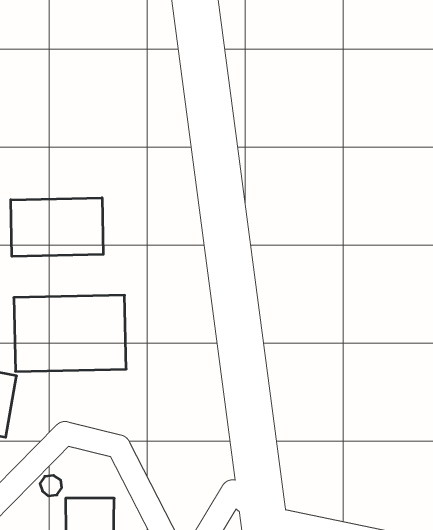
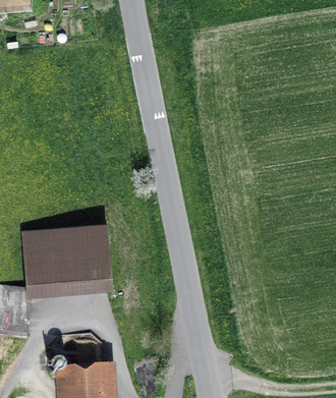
building: [11,198,103,256] -> none

